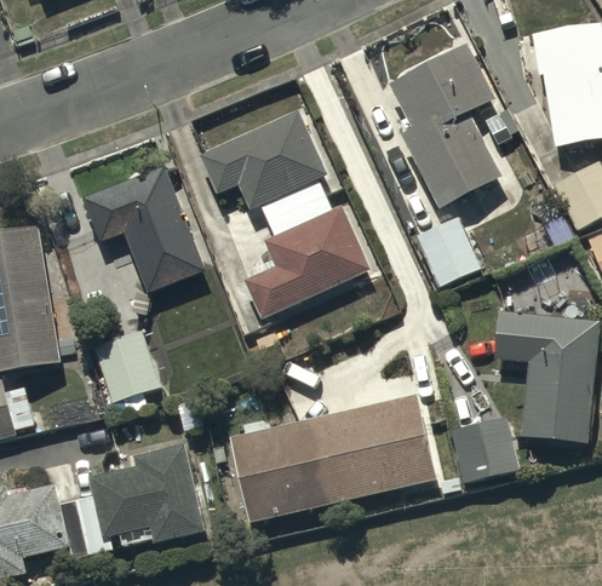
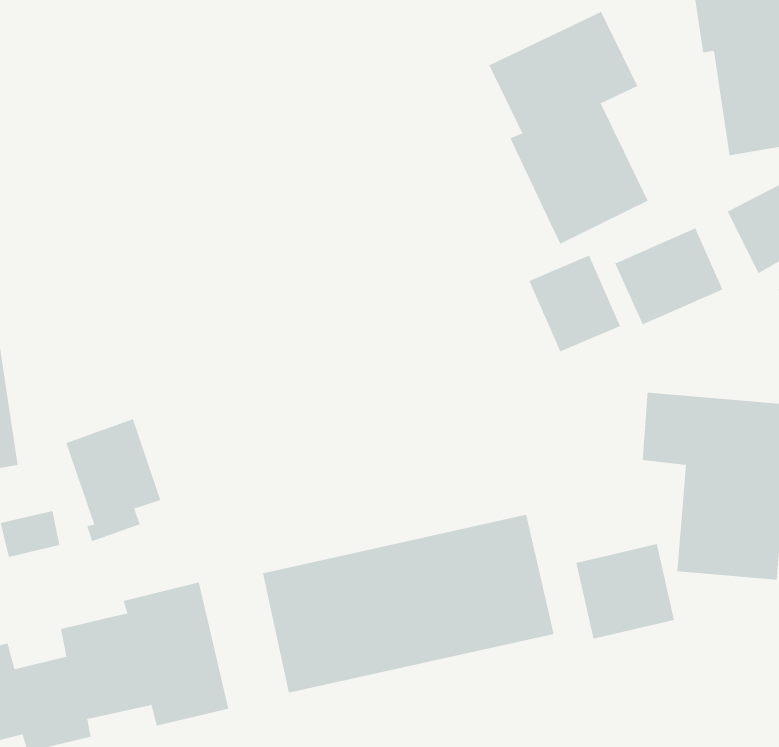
building: [199,110,369,320] -> none
building: [85,166,202,289] -> none
building: none -> [614,228,723,325]

